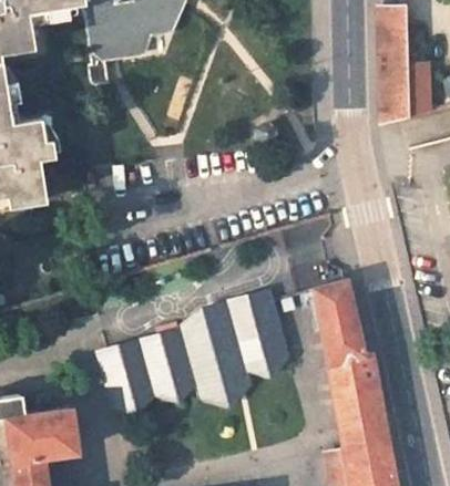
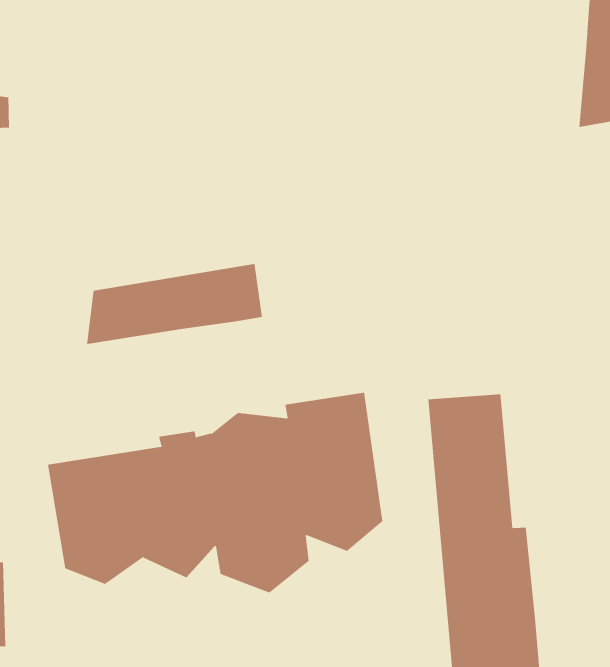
building: none -> [87,263,263,345]

